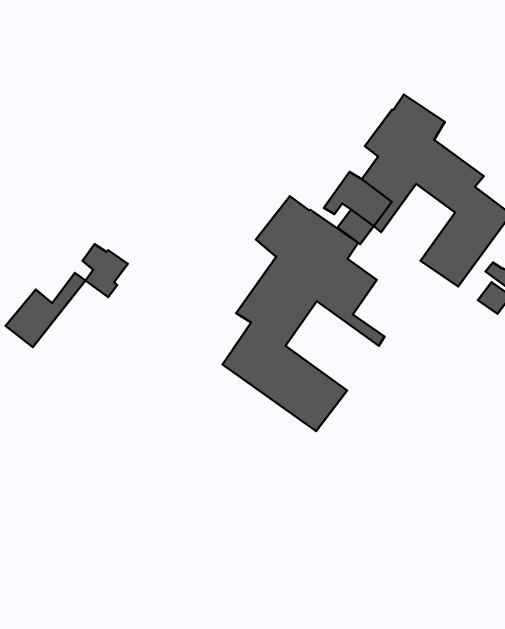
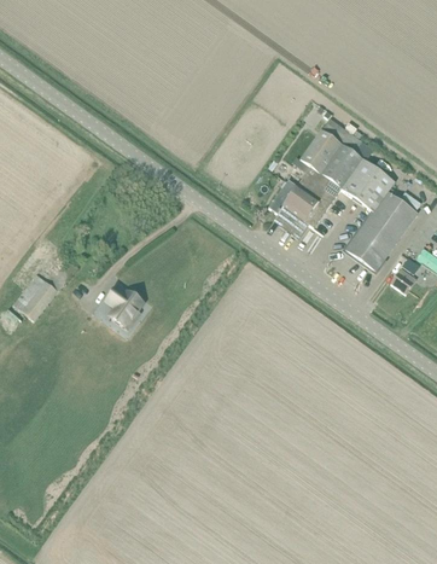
building: [222,196,385,431] -> none
building: [82,244,128,297] -> [109,285,145,327]

